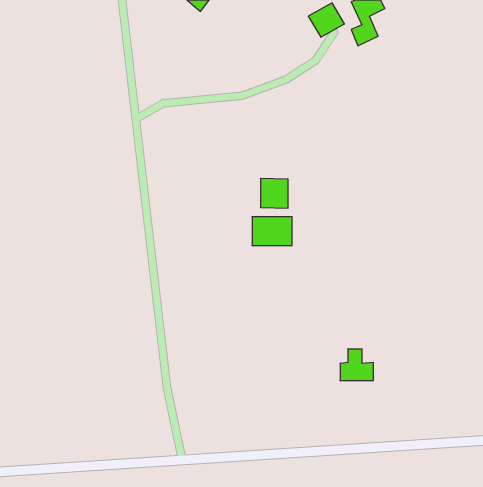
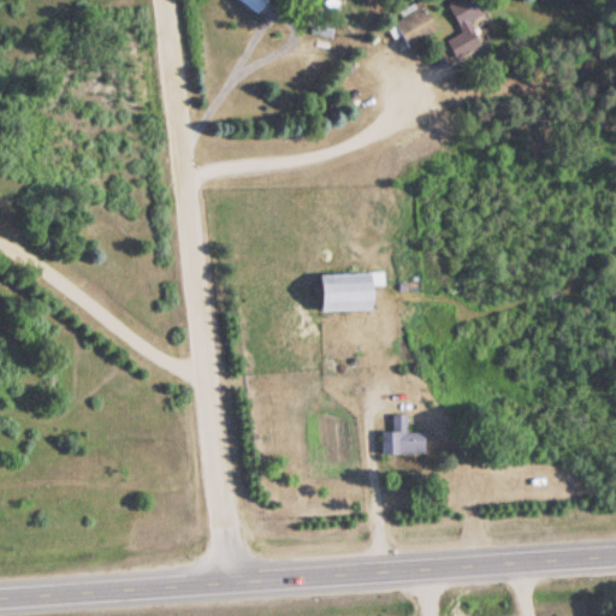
building: [261,178,288,208] -> none
building: [340,349,373,381] -> [384,415,426,455]

